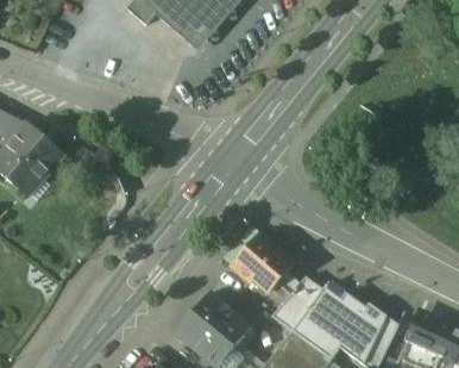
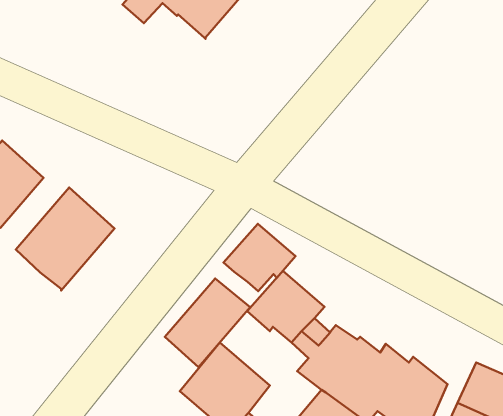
building: none -> [16,188,114,290]
building: none -> [224,224,296,291]
building: none -> [165,279,250,367]

